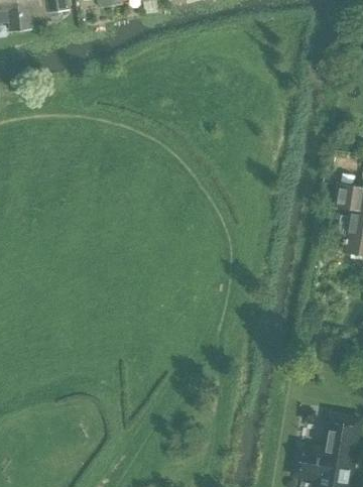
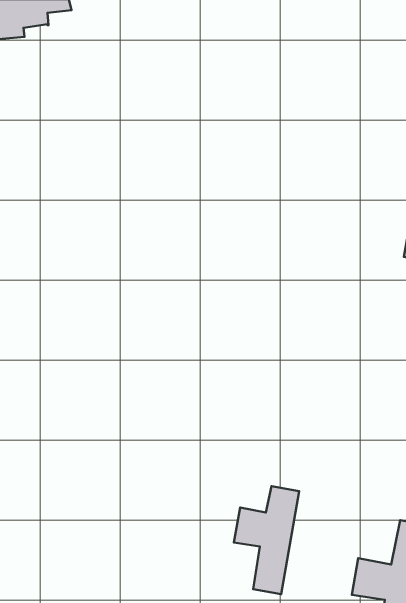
building: none -> [234,486,299,594]

